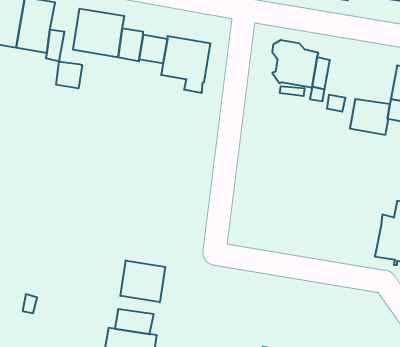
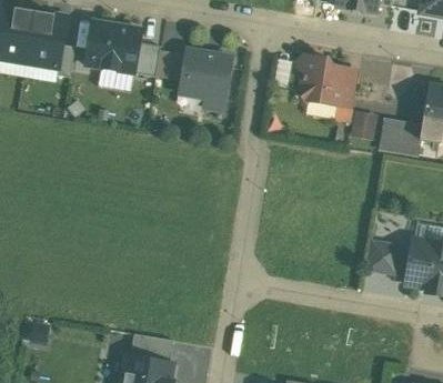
building: [56,61,82,88] -> none
building: none -> [365,242,412,276]
building: [120,260,165,302] -> none

